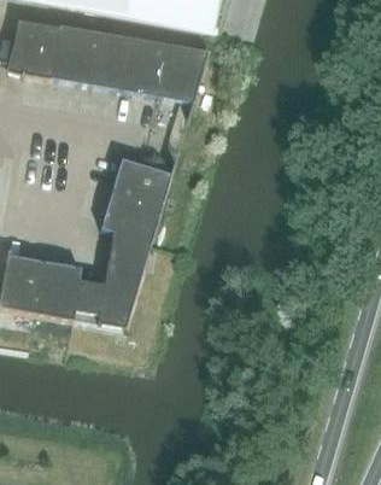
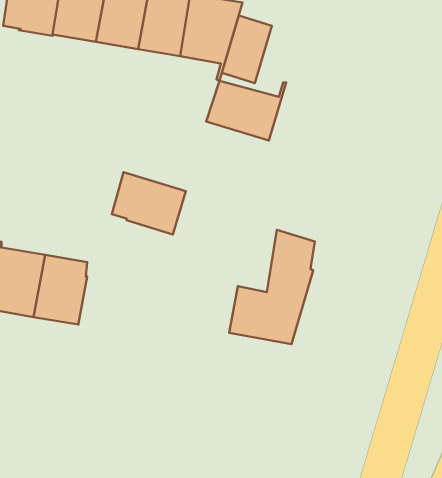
building: none -> [222,15,272,83]
building: [111,158,177,208] -> [206,81,286,140]
building: [74,232,145,327] -> [229,230,315,344]

